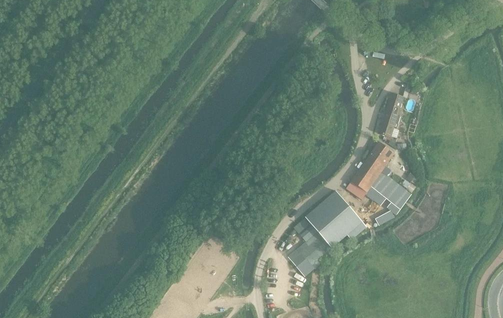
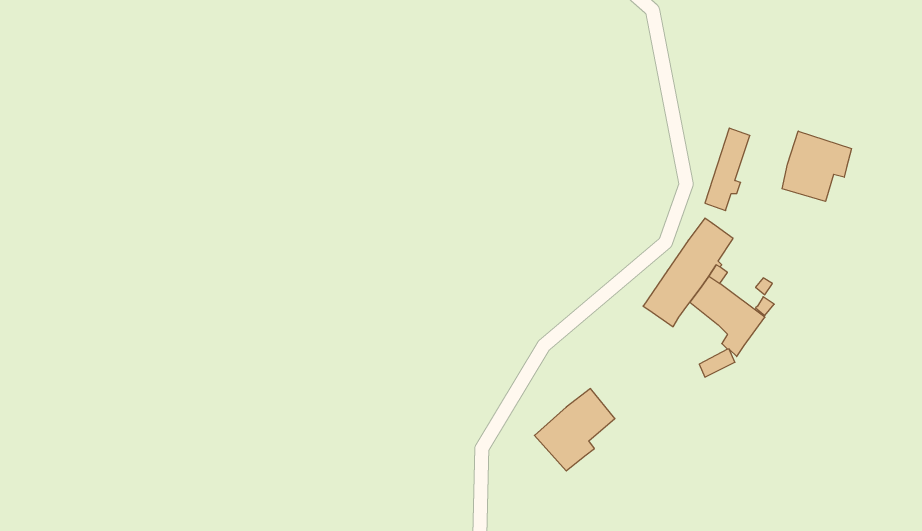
building: none -> [782,131,851,201]
building: [304,190,366,247] -> none

